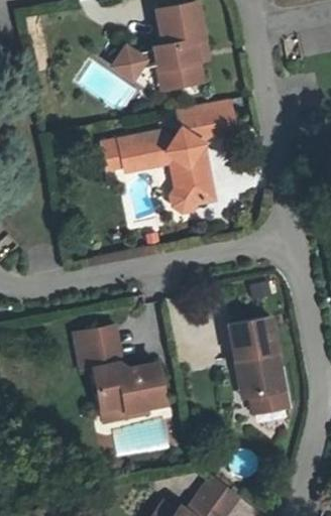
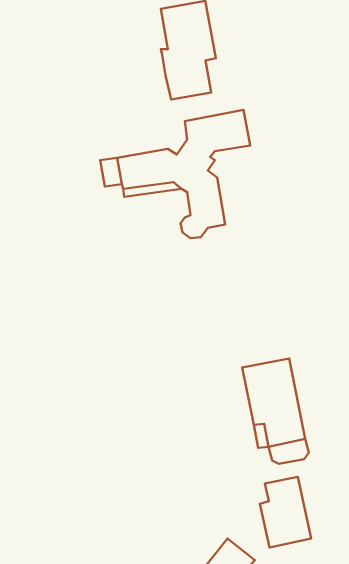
building: [117,47,160,81] -> none
building: [78,329,168,417] -> none
building: none -> [260,477,311,548]

